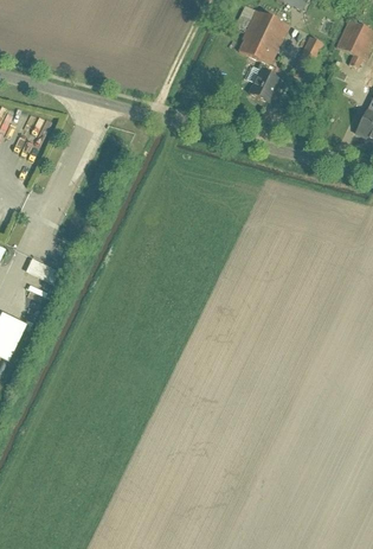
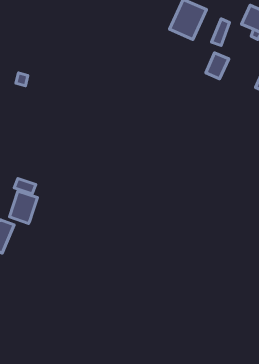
building: [247,68,279,103] -> [206,53,229,79]
building: none -> [10,191,37,224]

